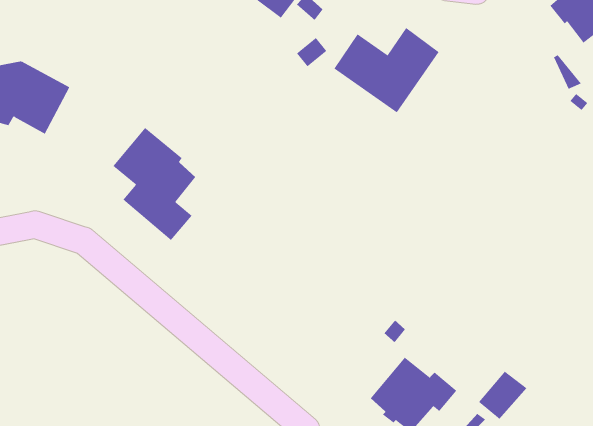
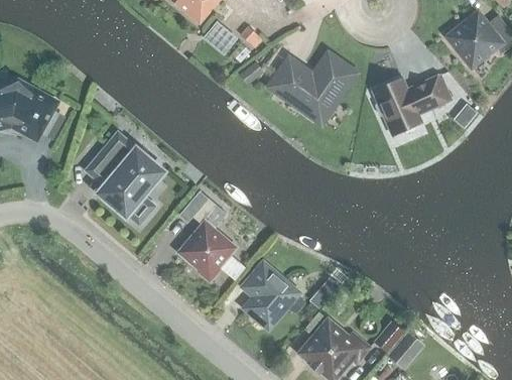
building: none -> [372,75,452,132]
building: none -> [178,191,236,281]
building: none -> [244,264,306,327]
building: none -> [374,321,405,354]

